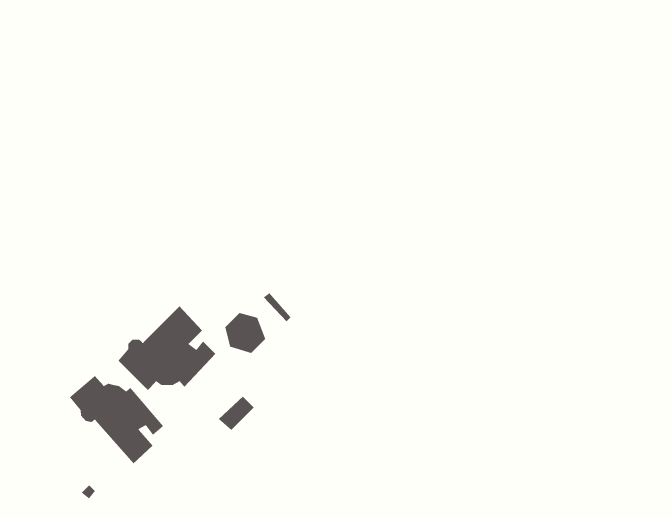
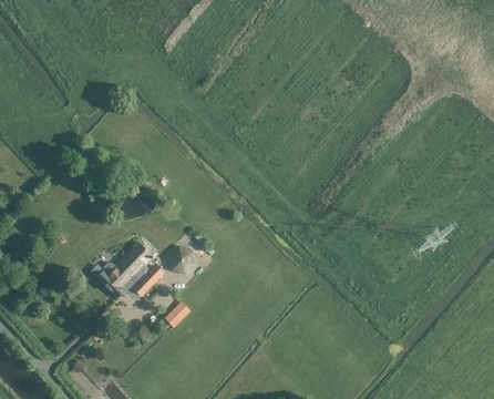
building: [69,375,164,464] -> none

